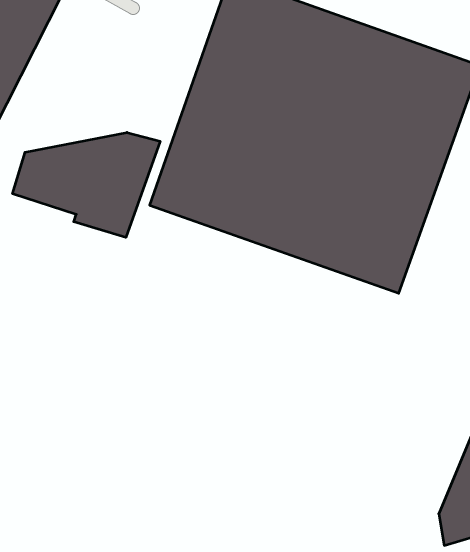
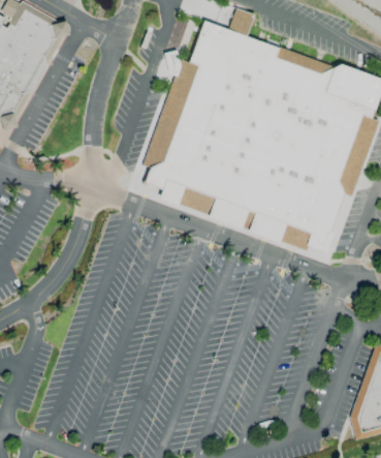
building: [13,132,160,237] -> none

